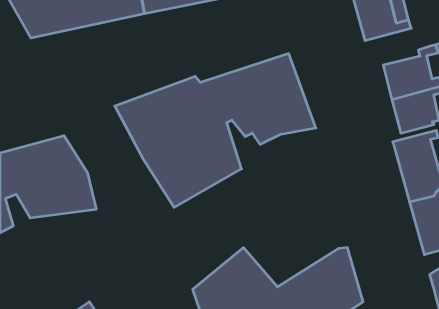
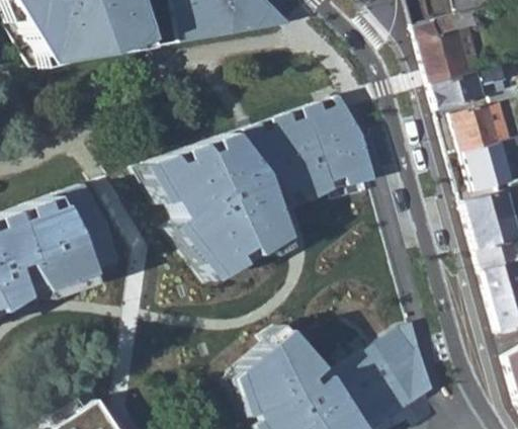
building: none -> [430,66,507,109]

